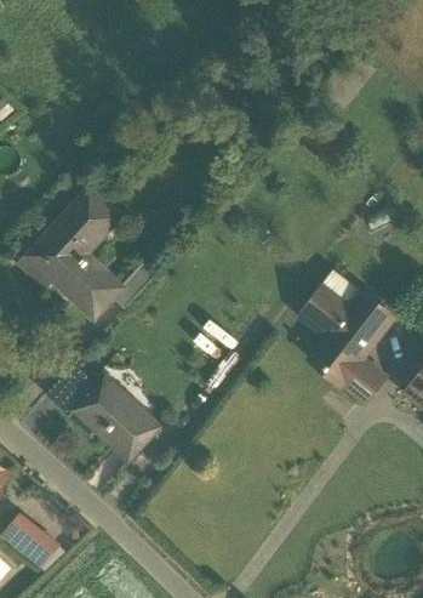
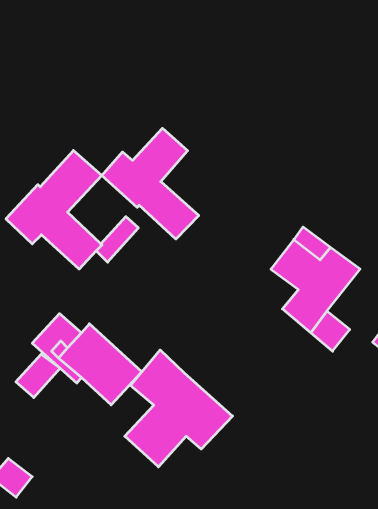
building: none -> [102,128,199,239]
building: none -> [125,350,233,467]
building: none -> [16,354,60,398]

